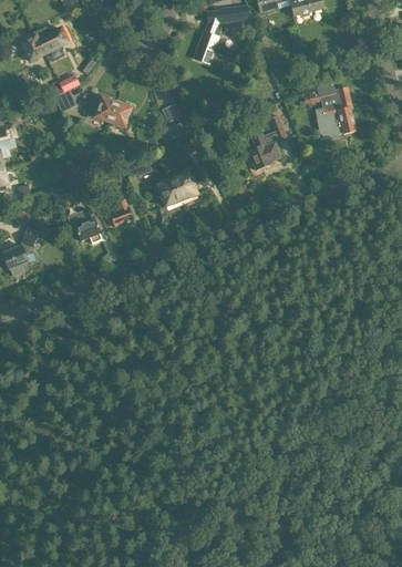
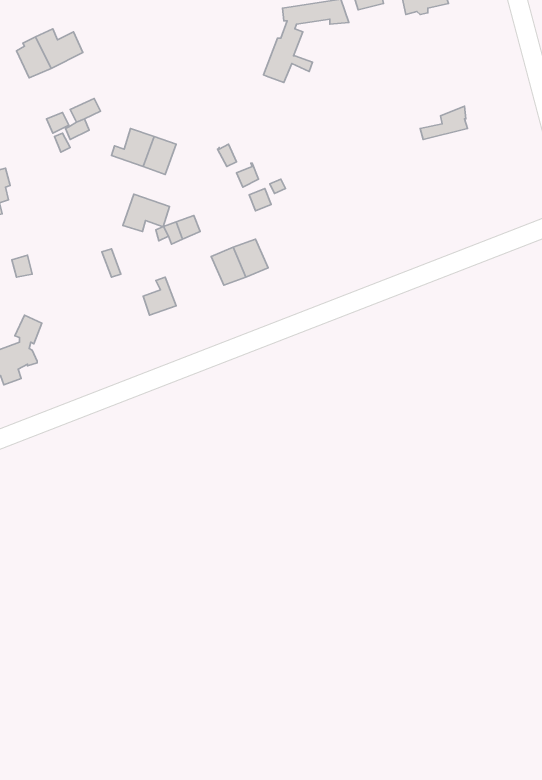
building: [316,85,355,135] -> none
building: [248,116,286,172] -> none
building: none -> [123,194,169,231]
building: [69,209,102,243] -> none

